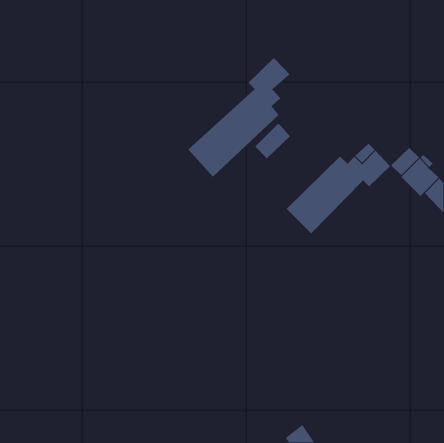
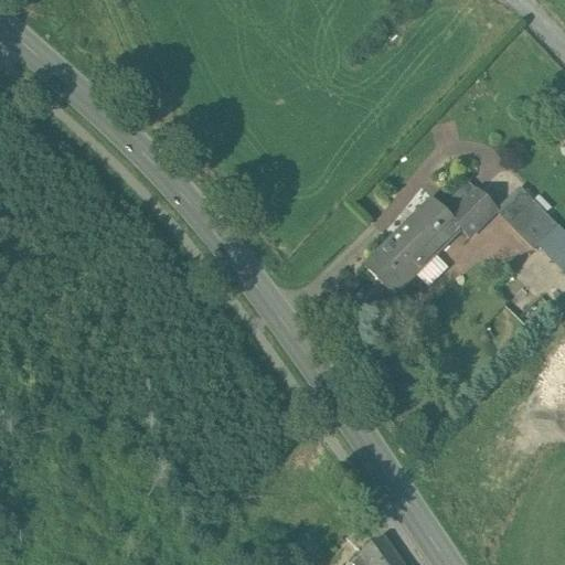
building: [188,57,291,177] -> none
building: [255,122,291,159] -> none

